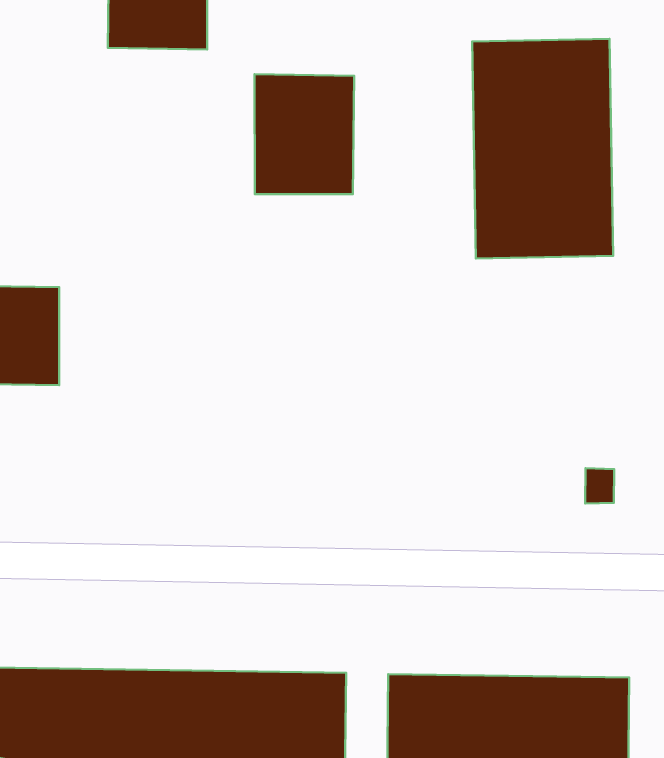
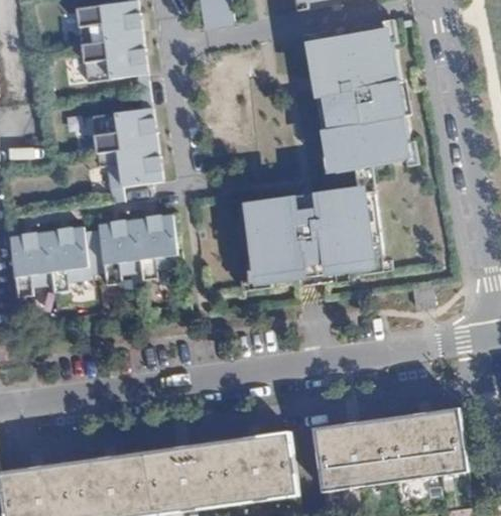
building: [255,74,354,194] -> [94,108,163,187]
building: none -> [101,215,180,283]
building: none -> [240,186,375,288]

